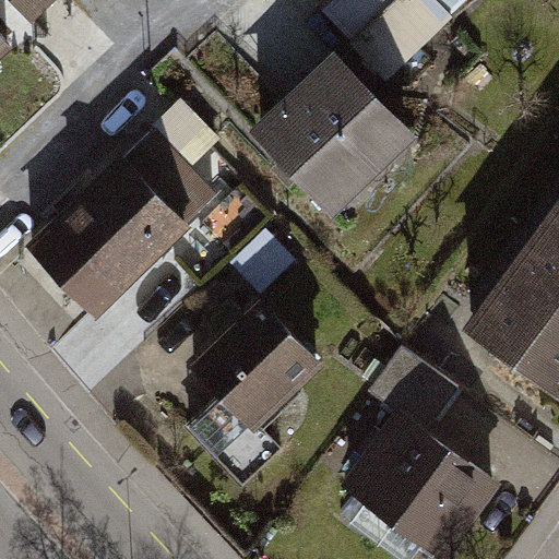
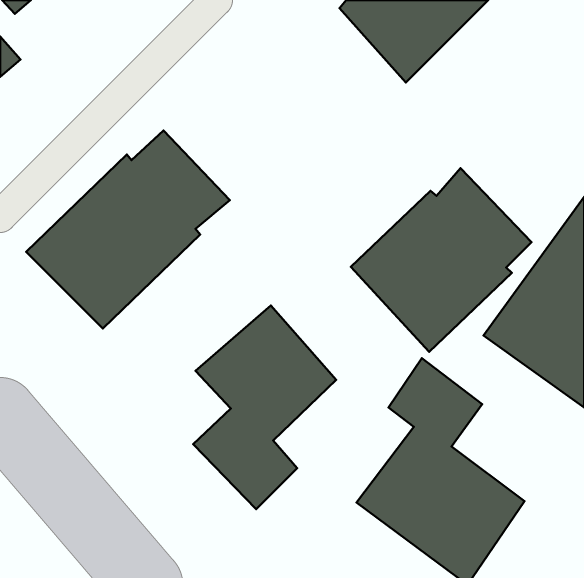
building: [249,50,419,221] -> none
building: none -> [351,168,531,352]

